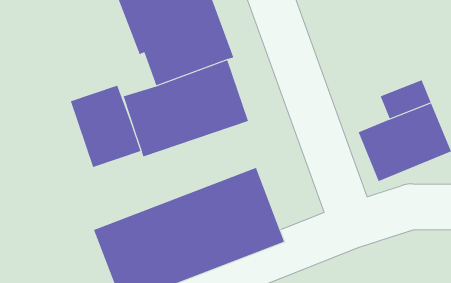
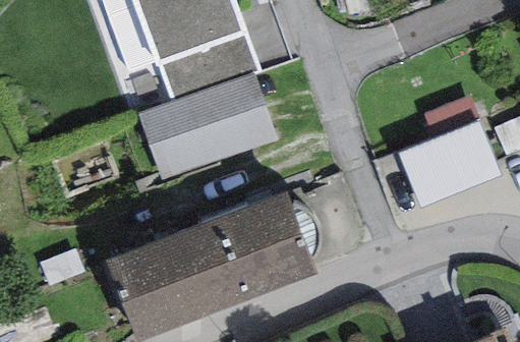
building: [70,85,141,168] -> none

